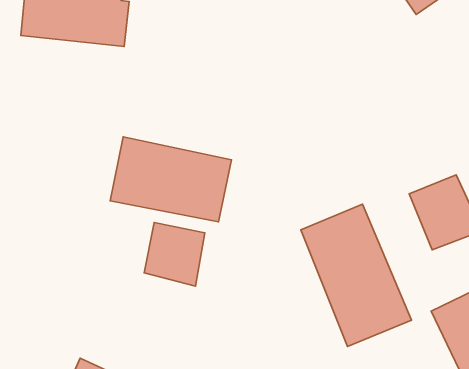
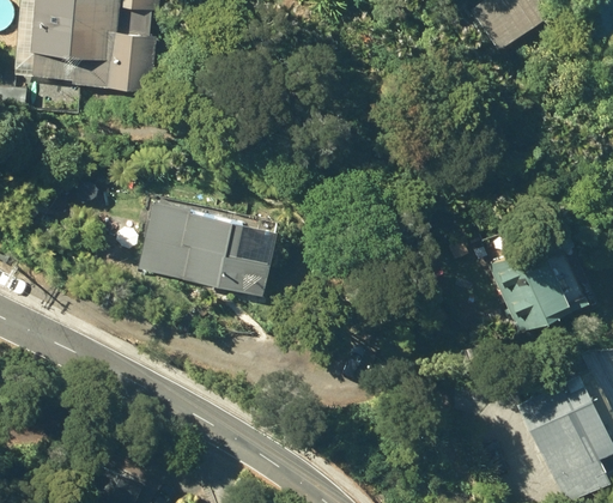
building: [301,204,411,347] -> none
building: [144,223,205,286] -> none

